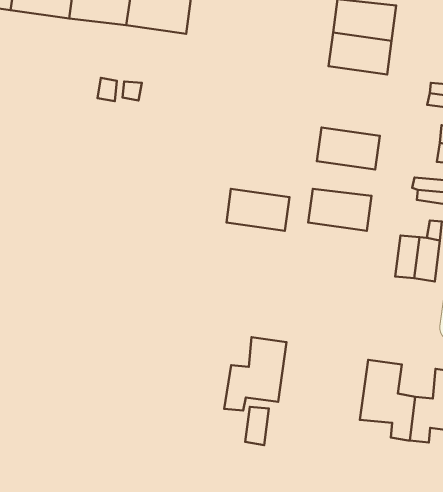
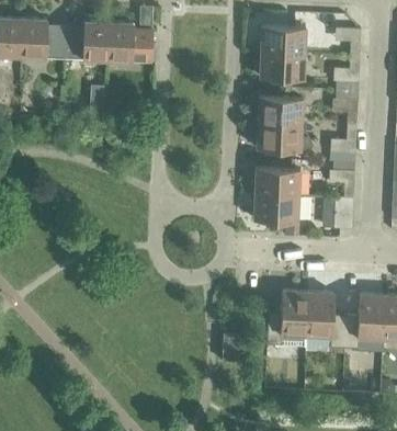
building: none -> [259,97,304,124]
building: [226,189,289,231] -> [254,193,299,220]
building: [224,337,287,411] -> [268,290,309,344]

